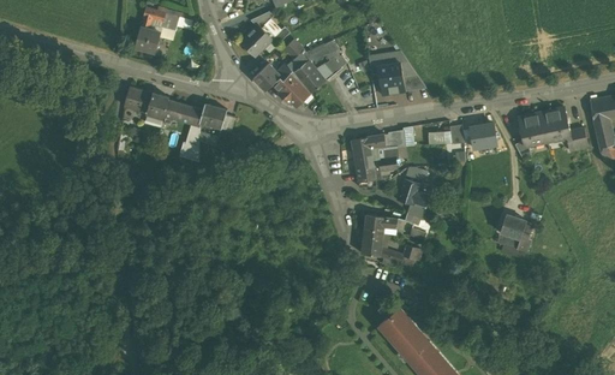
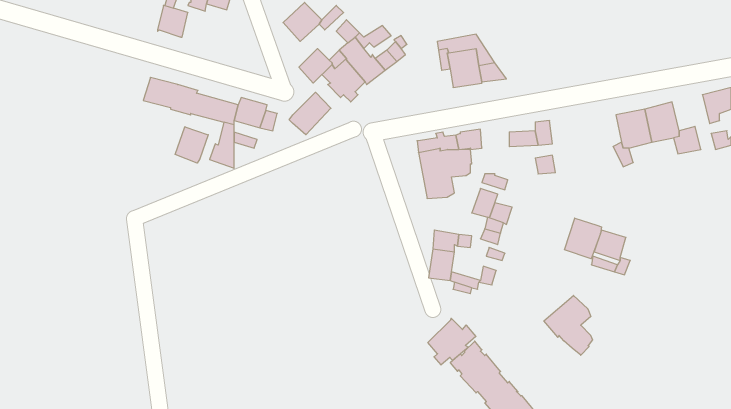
building: none -> [289,92,331,135]
building: [468,121,497,150] -> none
building: none -> [175,127,208,163]
building: none -> [565,218,601,259]
building: none -> [544,295,592,355]
building: none -> [428,318,476,365]

